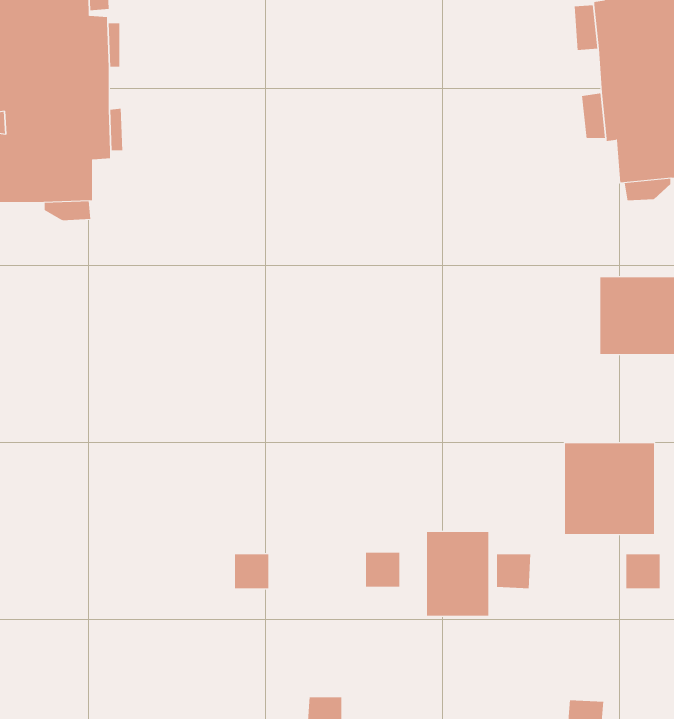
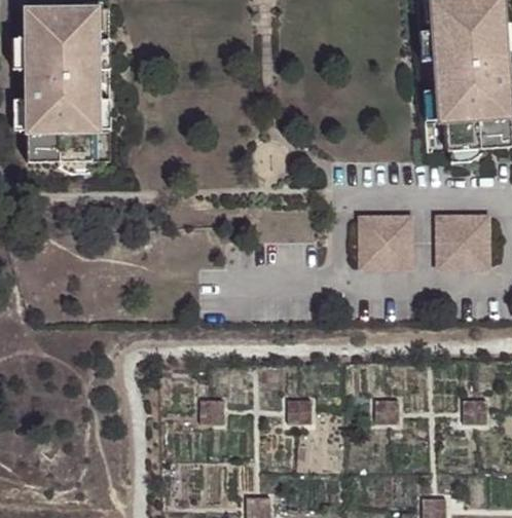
building: none -> [358,213,411,266]
building: [564,443,655,535] -> none
building: [426,531,489,616] -> none

